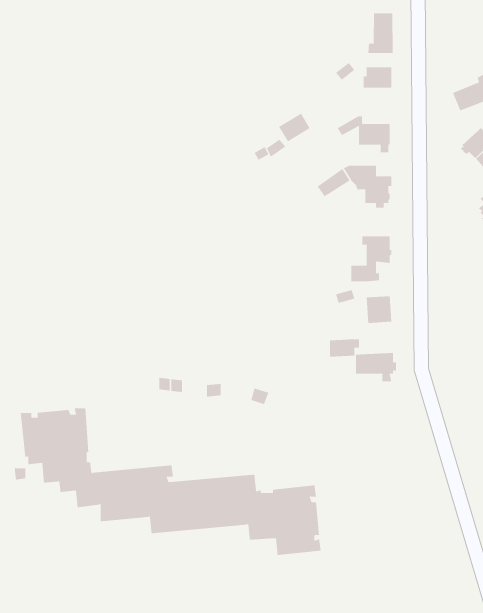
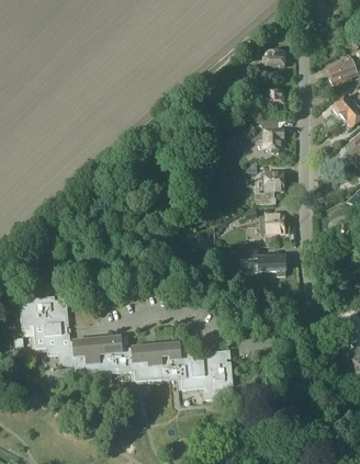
building: [368,12,393,54] -> none

